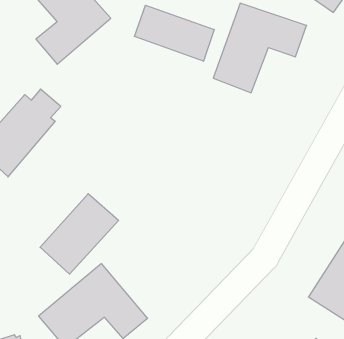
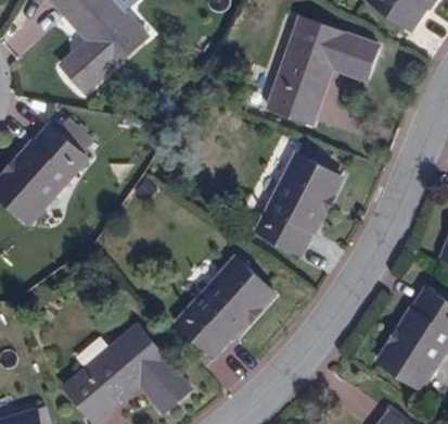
building: [134,5,214,61] -> none
building: none -> [256,154,340,254]
building: [40,194,119,274] -> [179,261,271,356]

